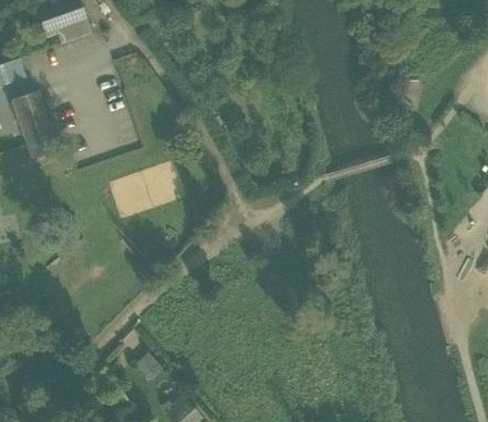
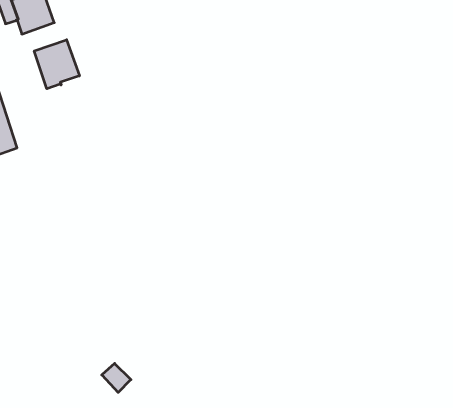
building: none -> [34,40,79,89]

